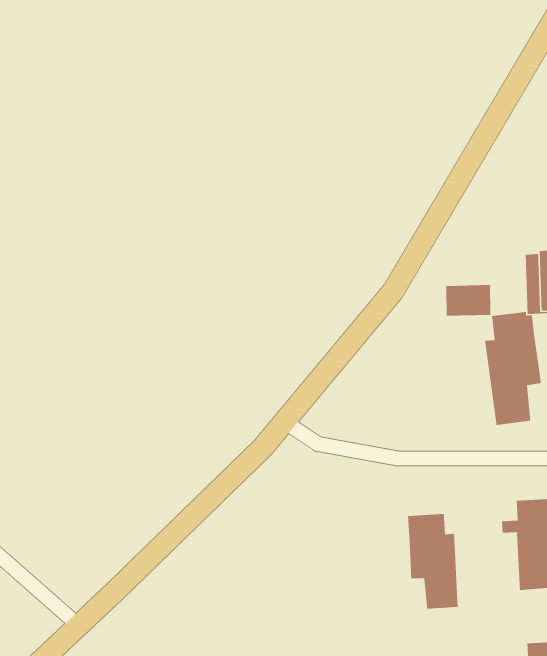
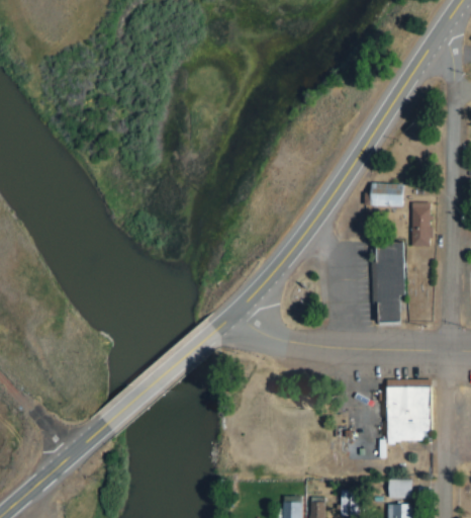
building: [446,284,491,317] -> [373,184,406,207]
building: [407,513,459,609] -> none

